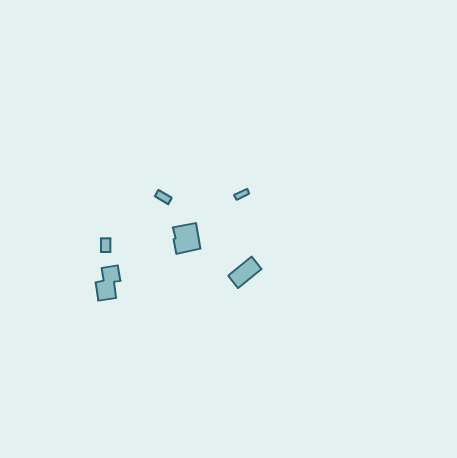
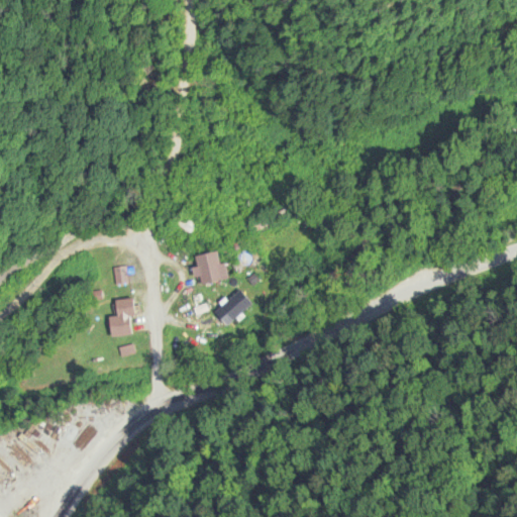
building: [228,257,262,288] -> [213,290,250,325]

